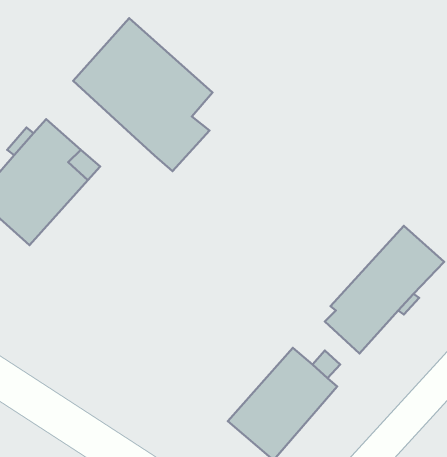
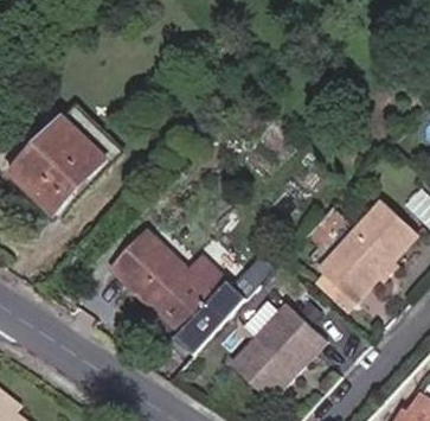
building: [73,18,212,171] -> none
building: none -> [115,230,249,347]

